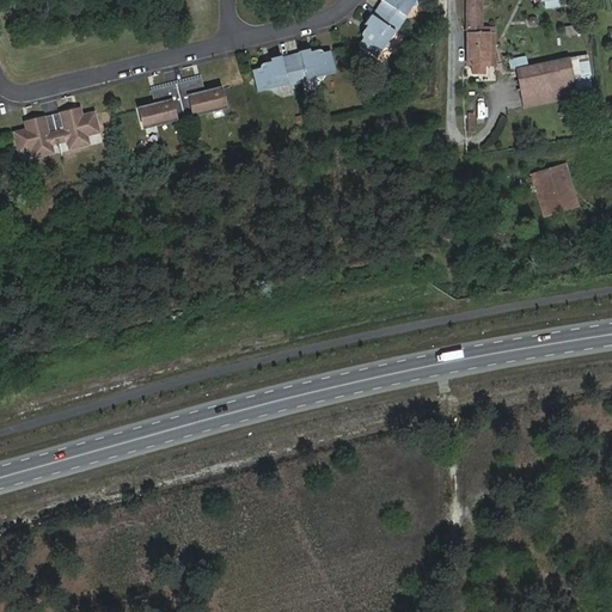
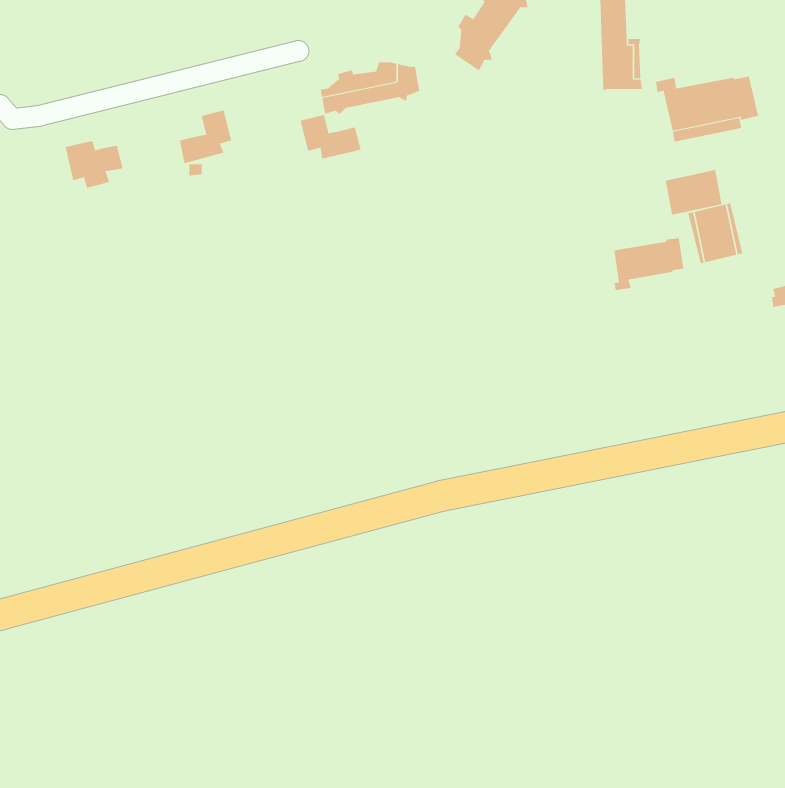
building: [177,80,225,115] -> [300,114,362,159]
building: [17,114,60,154] -> none
building: none -> [665,169,722,216]
building: none -> [614,237,684,291]

